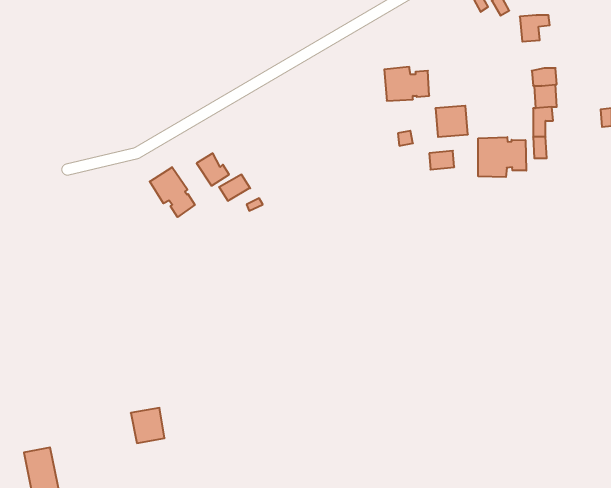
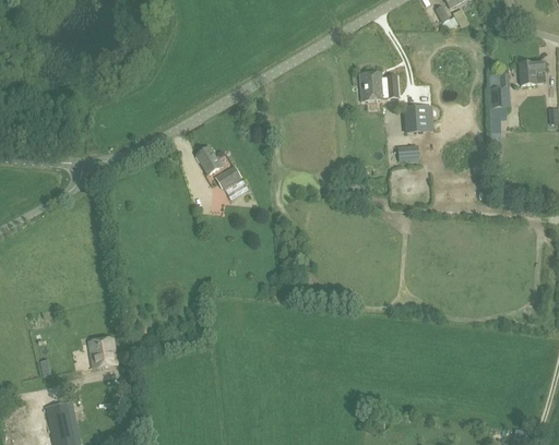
building: [520,15,550,42] -> [518,61,544,84]
building: [478,137,526,177] -> none
building: [150,167,195,217] -> none
building: [131,408,165,443] -> [87,337,117,368]

